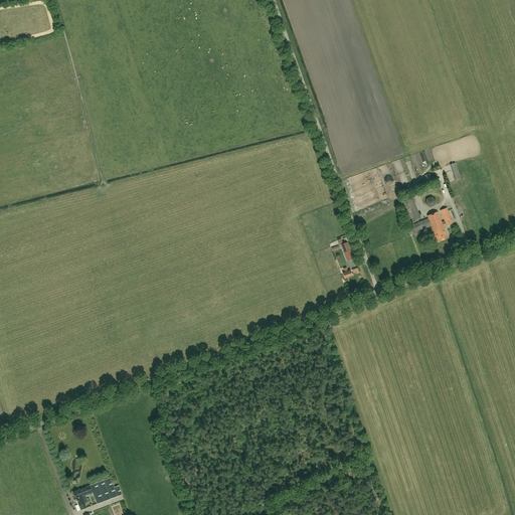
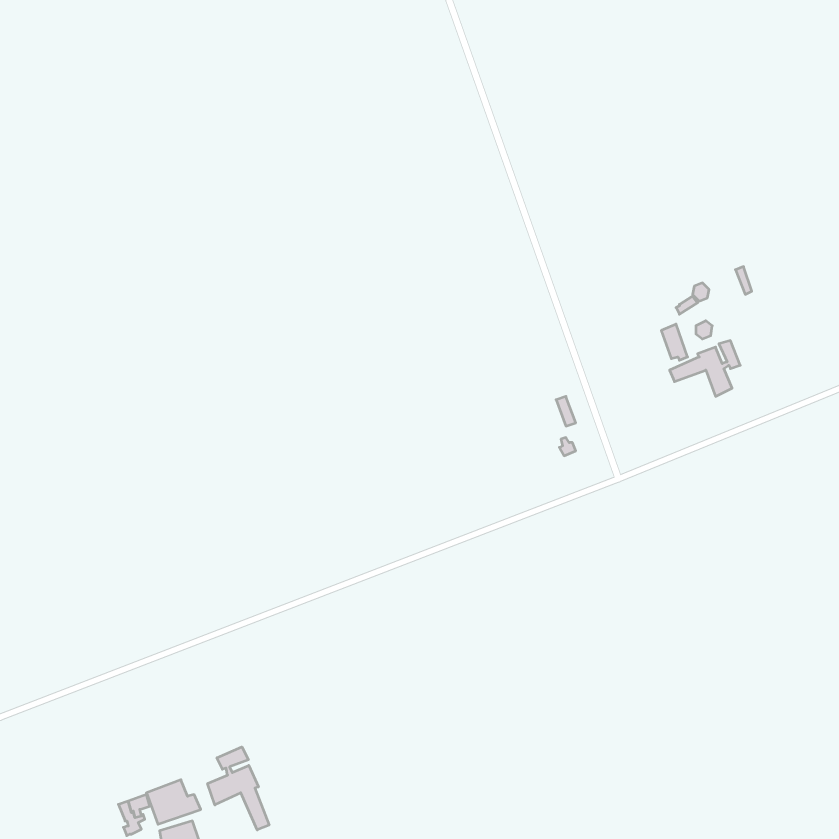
building: none -> [208,747,269,830]

